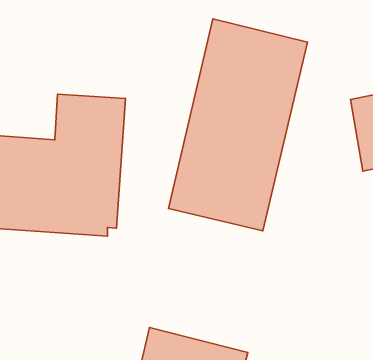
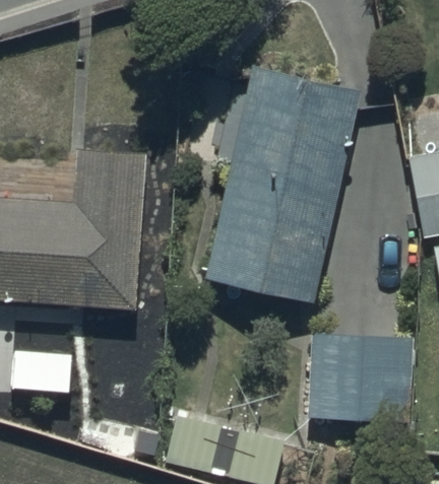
building: none -> [308,337,422,422]

